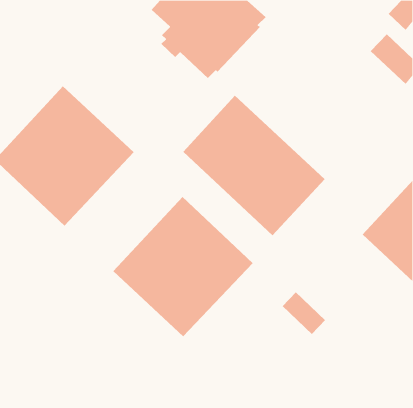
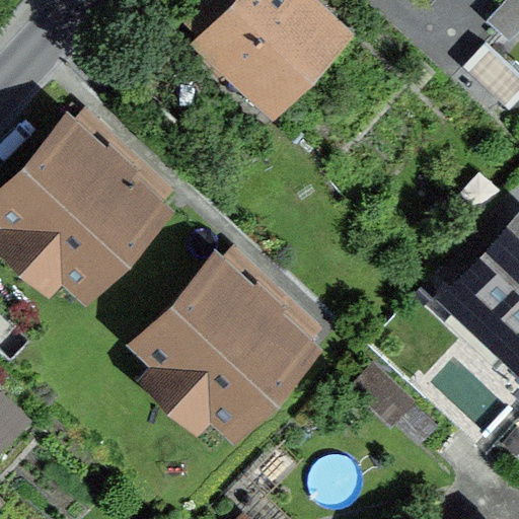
building: [183,95,326,236] -> none

